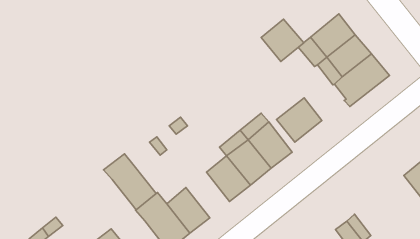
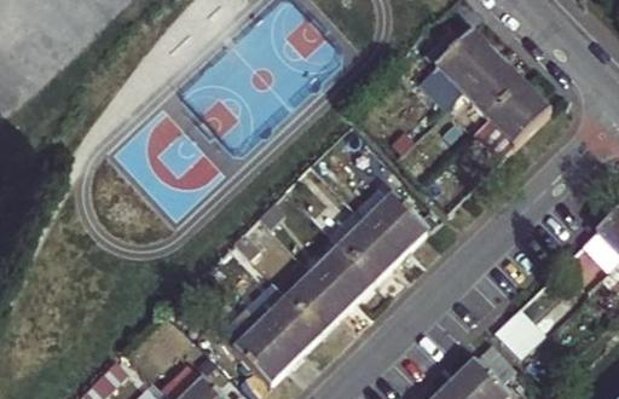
building: [261,19,304,62] -> none
building: [277,98,322,142] -> none
building: [104,154,156,210] -> [271,256,347,332]

